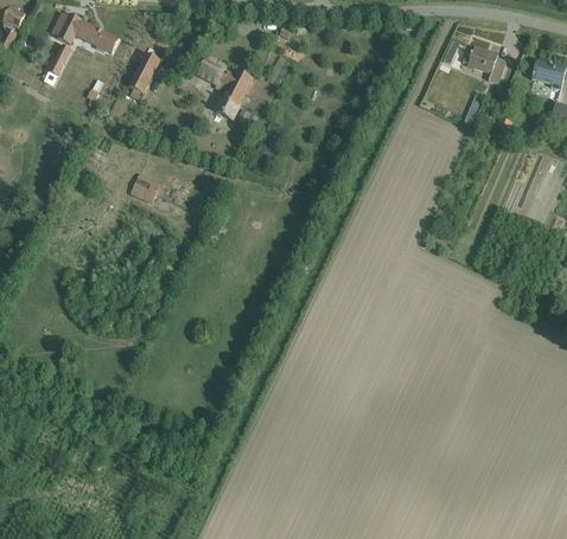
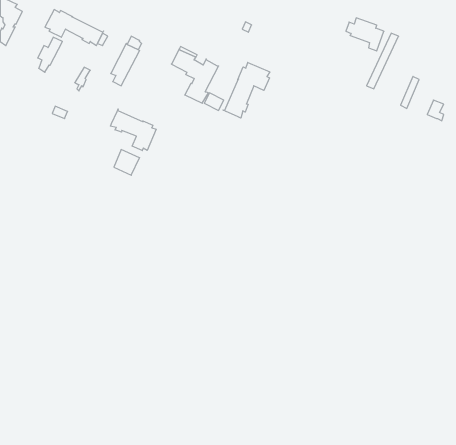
building: [463,45,507,83] -> [346,18,384,51]
building: none -> [223,62,270,118]
building: none -> [110,109,156,151]

